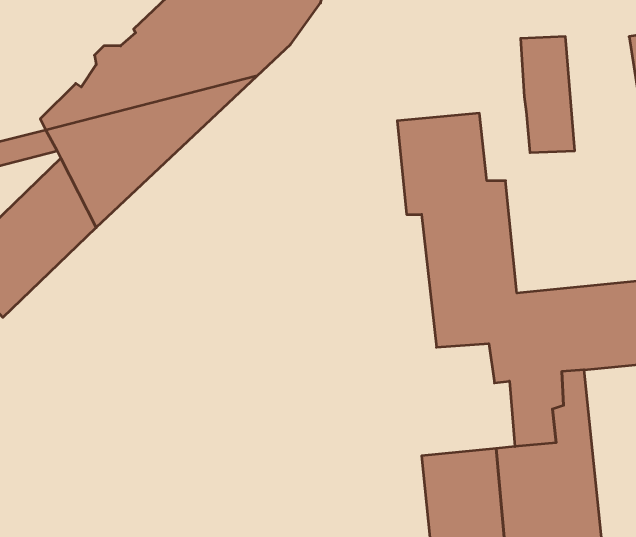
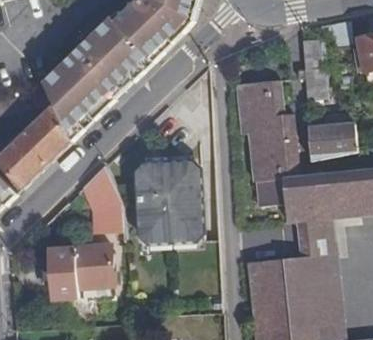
building: none -> [306,122,355,158]
building: none -> [136,161,203,243]
building: none -> [81,167,125,232]
building: none -> [52,246,116,300]

